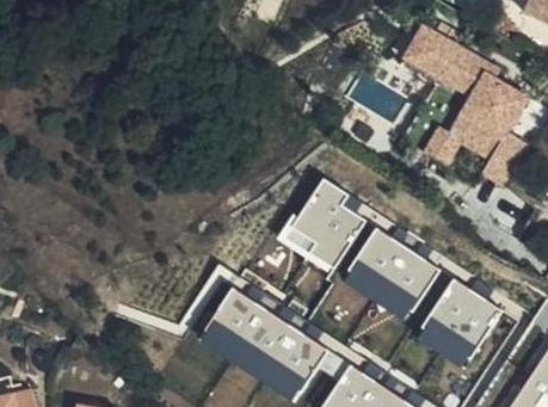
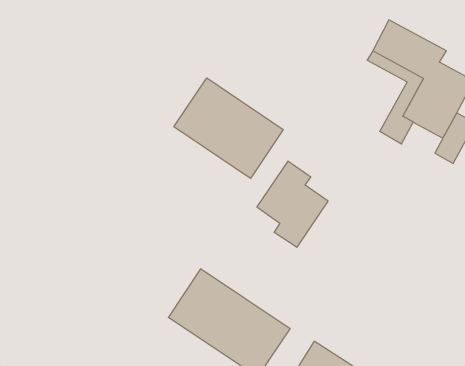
building: none -> [174,78,283,178]
building: [349,229,439,313] -> none
building: [421,279,501,359] -> none

